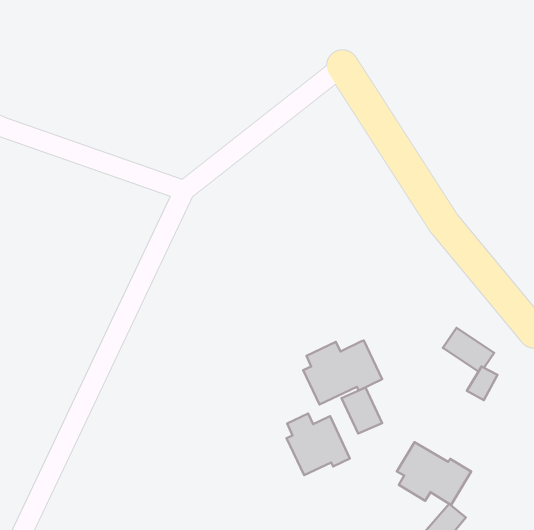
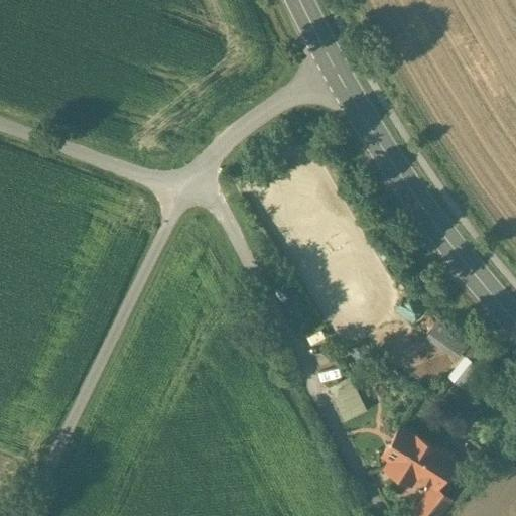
building: [303,340,382,404] -> none
building: [287,414,350,475] -> none

